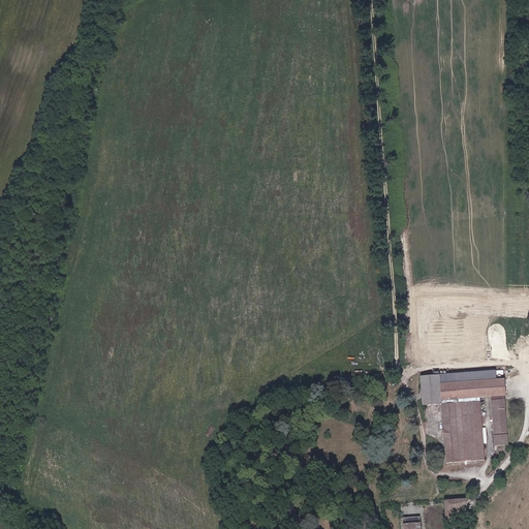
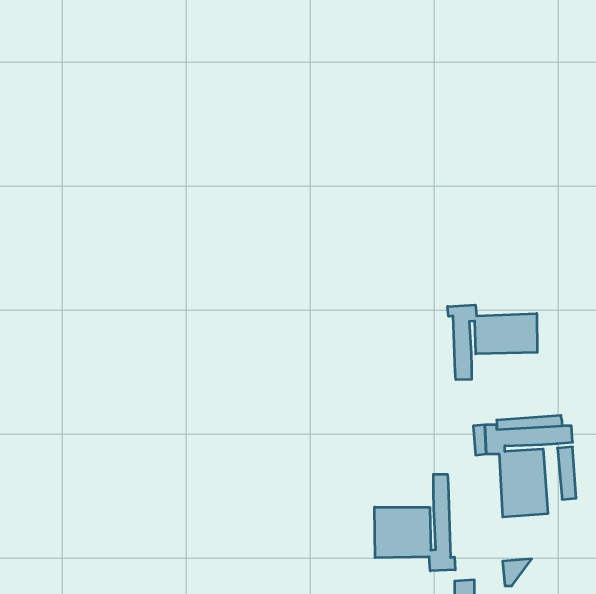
building: none -> [448,305,537,380]
building: none -> [375,474,455,571]

